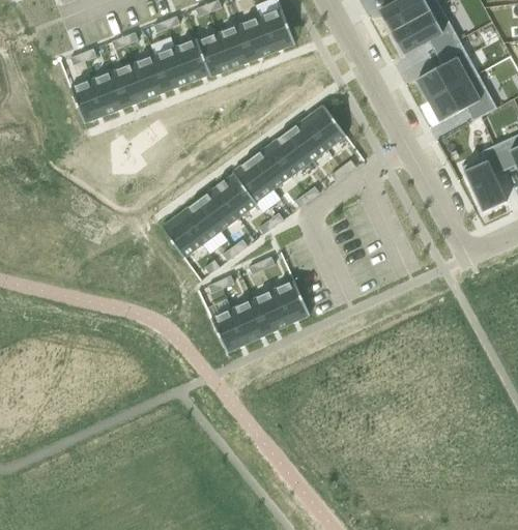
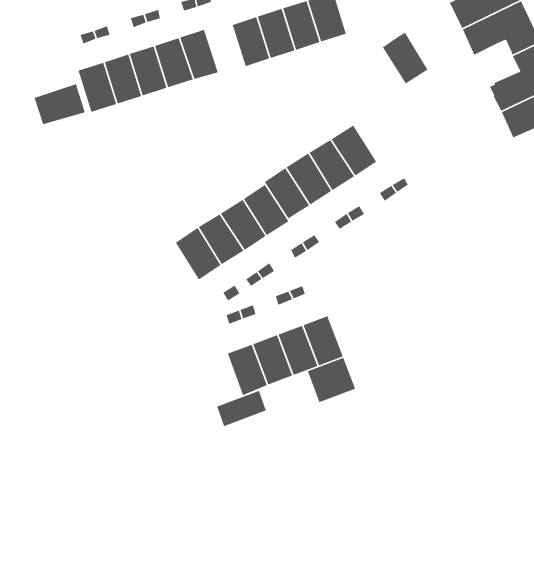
building: [175,38,211,82] -> none
building: none -> [33,83,86,125]
building: [306,104,346,148] -> [382,31,429,84]
building: none -> [307,357,356,403]
building: none -> [216,390,267,427]

